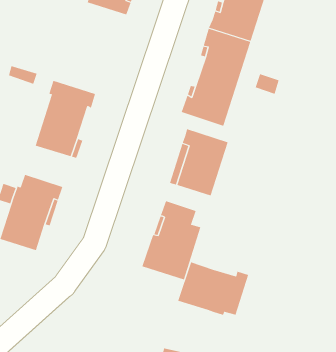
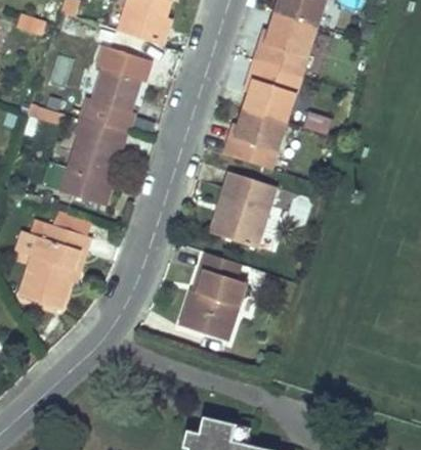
building: none -> [79,45,150,133]
building: [178,261,249,316] -> none

